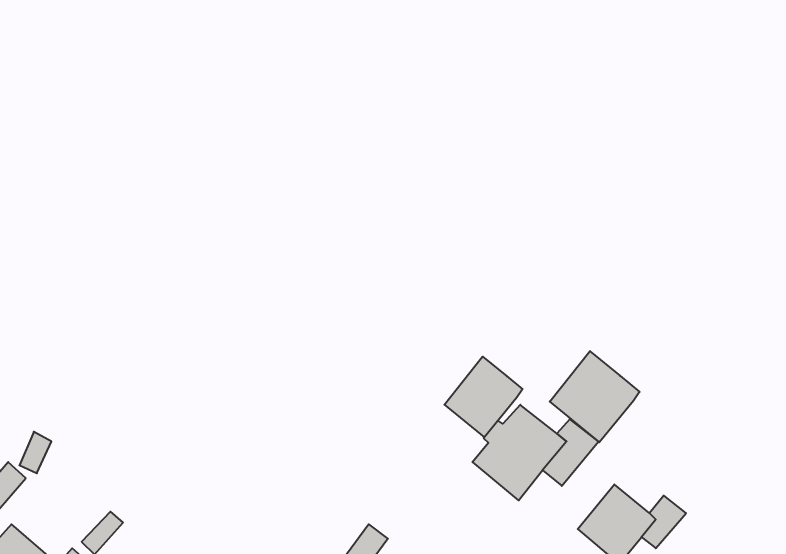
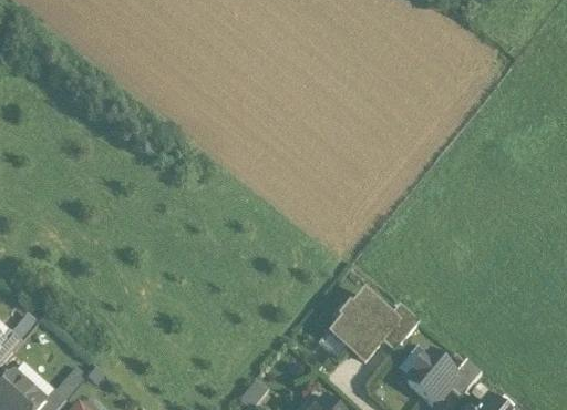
building: [550,351,640,442] -> none
building: [444,357,523,437] -> none

